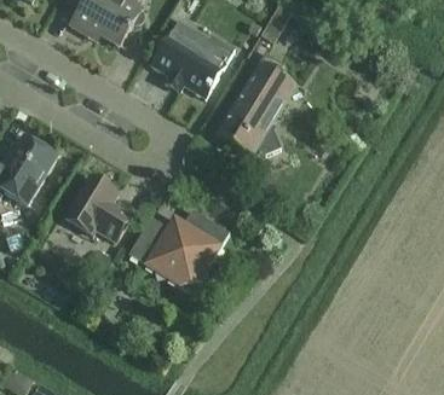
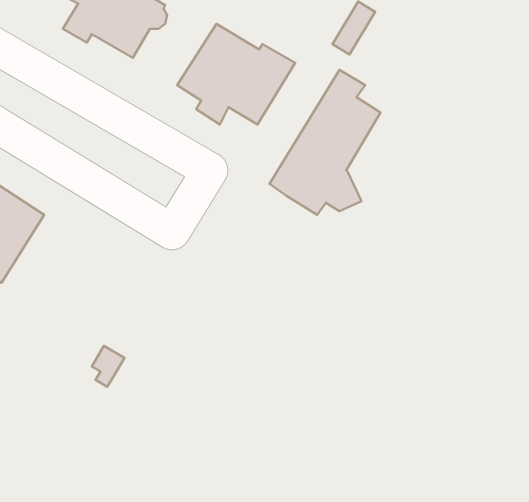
building: [63,175,131,240] -> none
building: [128,209,229,285] -> none

